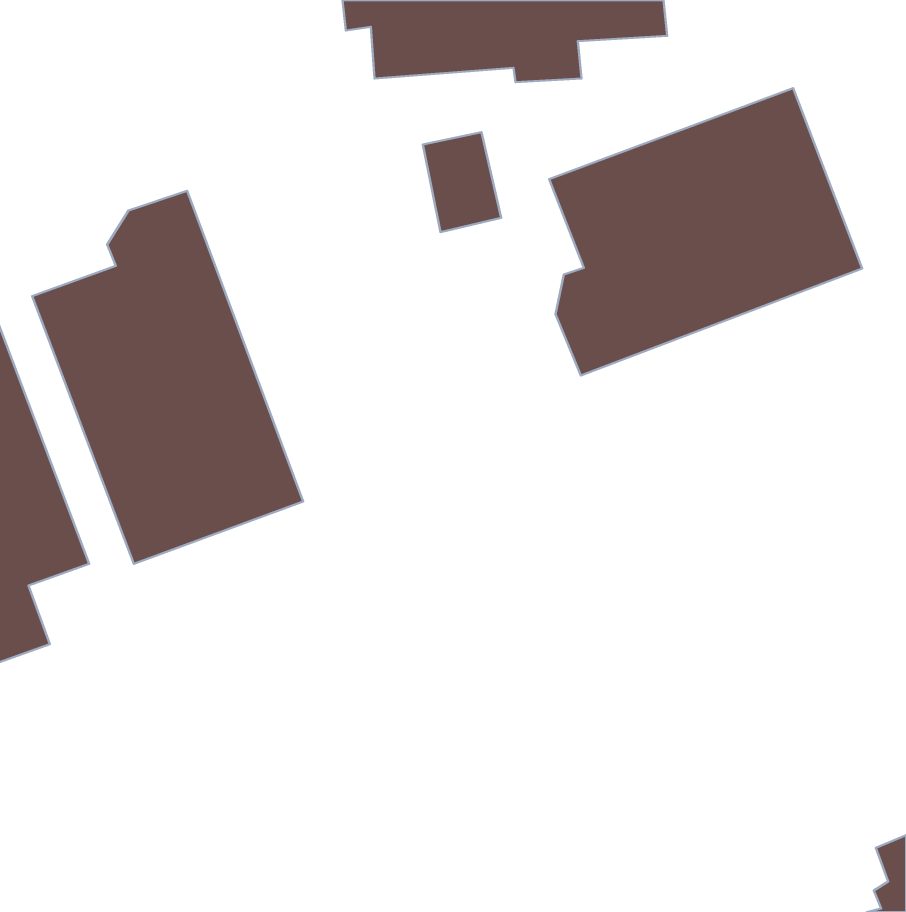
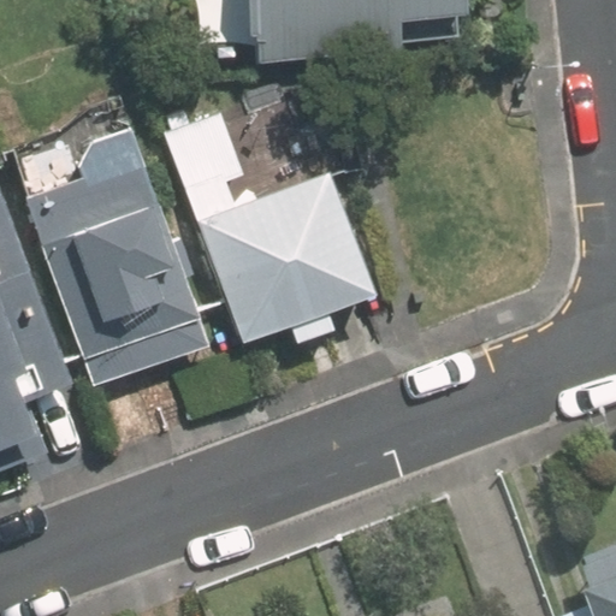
building: [549,88,862,375] -> none
building: none -> [161,105,374,343]

